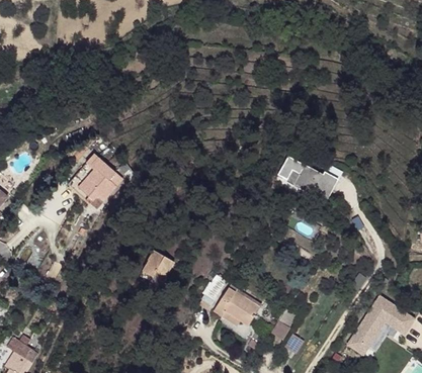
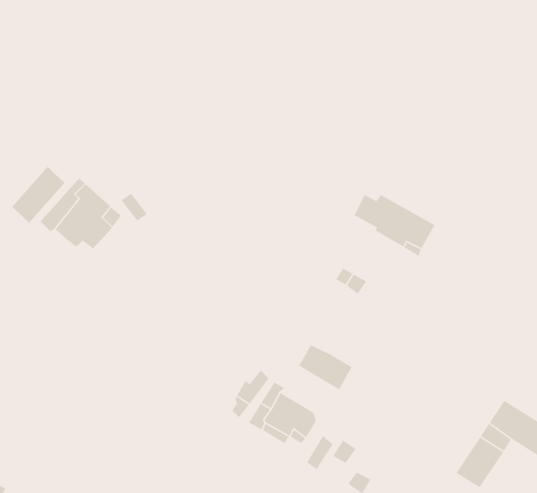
building: none -> [12,166,65,224]
building: [144,252,179,285] -> none
building: none -> [298,344,352,391]

